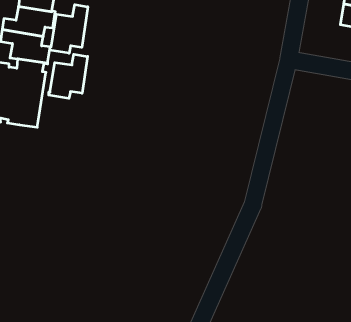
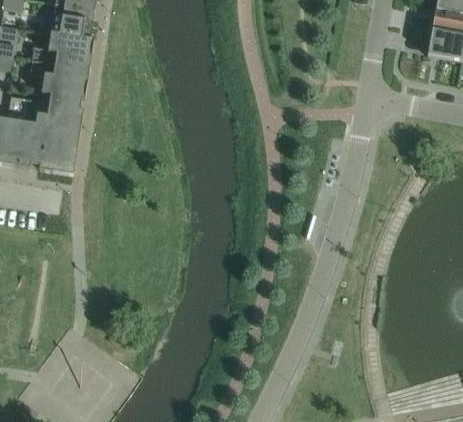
building: [50,5,88,53] -> none
building: [49,54,88,98] -> none

